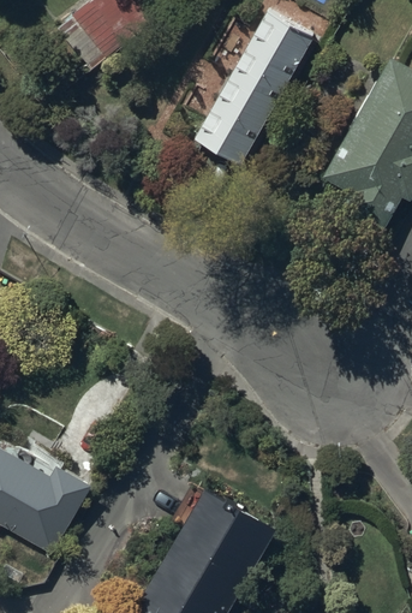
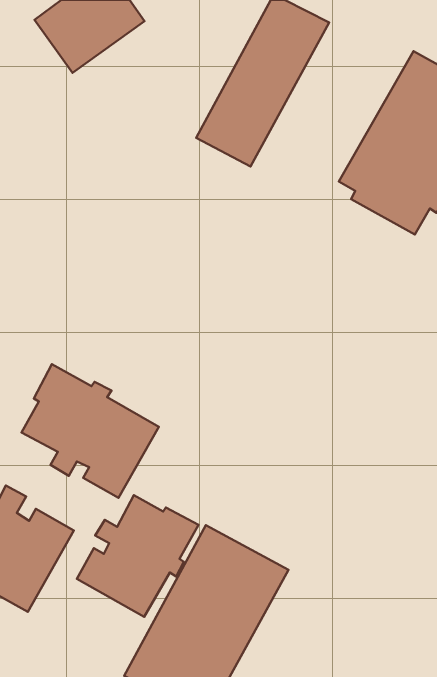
building: none -> [21,364,159,498]
building: none -> [77,495,198,617]

